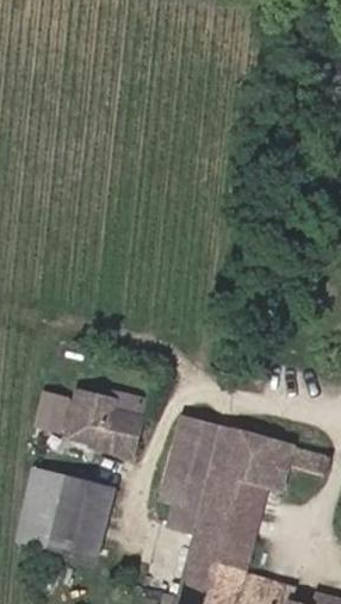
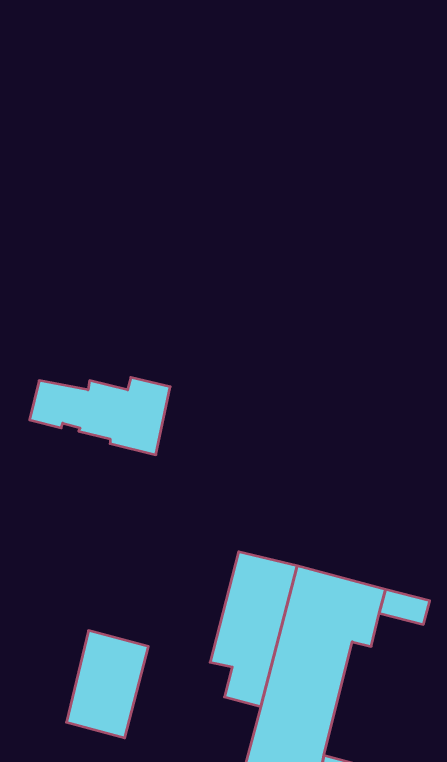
building: [37,392,143,450] -> [30,377,170,455]
building: [19,469,68,547] -> none

